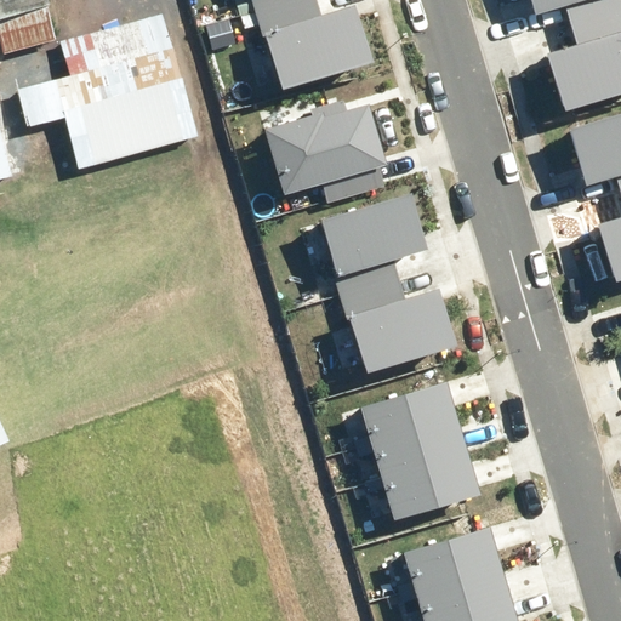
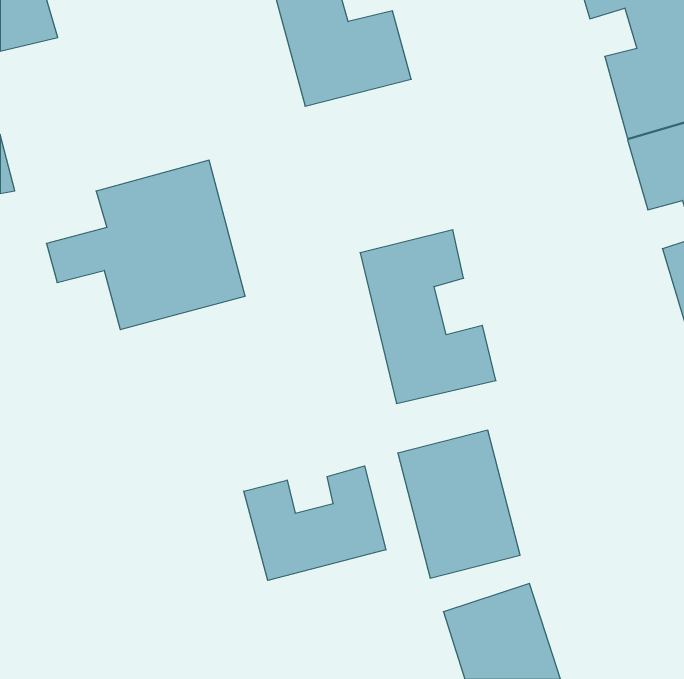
building: [16,7,195,160] -> [46,160,245,330]
building: [270,102,383,195] -> none
building: none -> [244,466,386,580]

